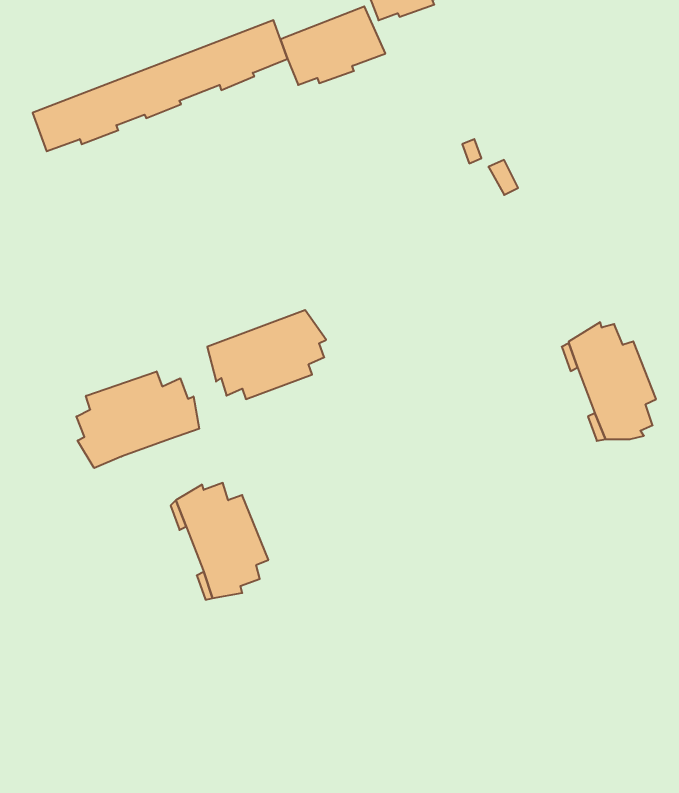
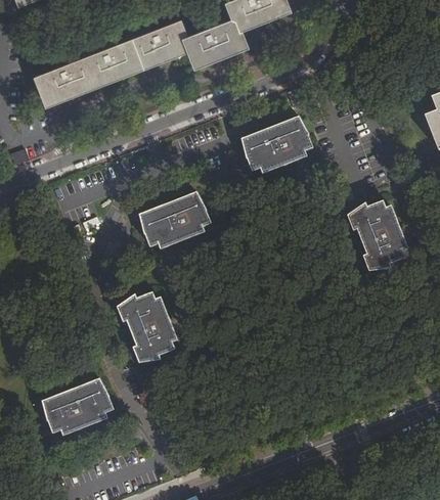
building: none -> [237,120,306,172]
building: [76,371,199,468] -> none
building: none -> [43,380,111,434]

